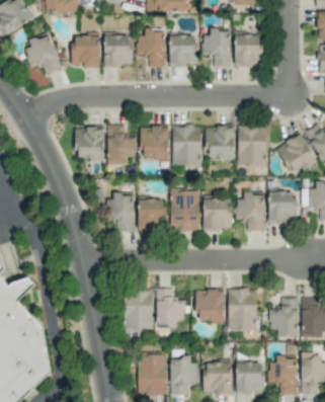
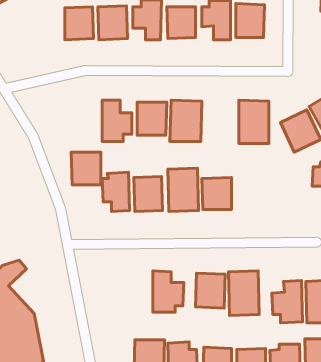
building: [24,33,62,75] -> none
building: [206,127,234,159] -> none
building: [75,128,103,159] -> [71,152,101,185]
building: [268,191,296,223] -> none
building: [236,192,264,231] -> none
building: [124,290,153,329] -> none

